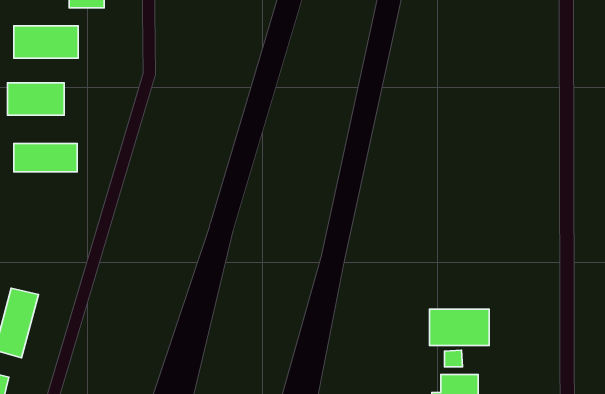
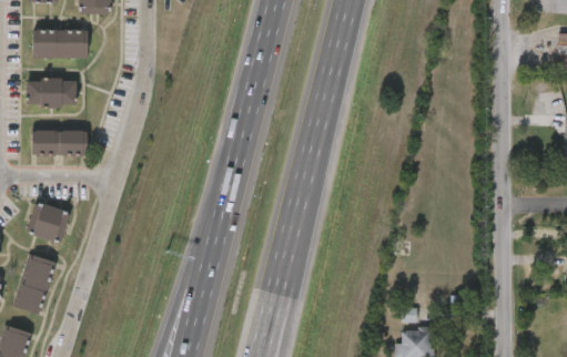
building: none -> [26,201,70,242]
building: [430,309,489,345] -> none

